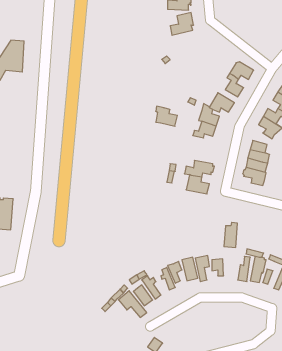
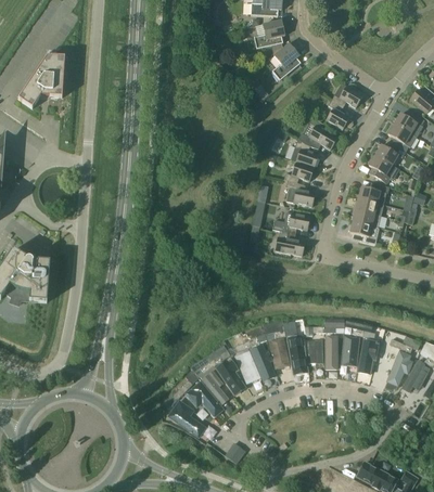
building: none -> [272,44,301,81]
building: [156,106,177,126] -> [286,181,315,207]
building: [224,222,237,247] -> [326,335,343,367]
building: none -> [169,401,205,437]

